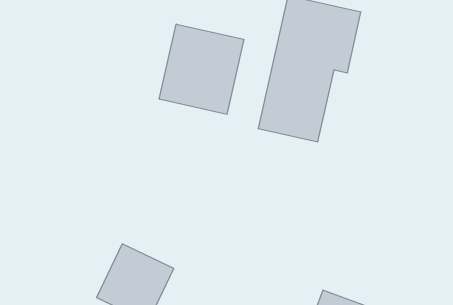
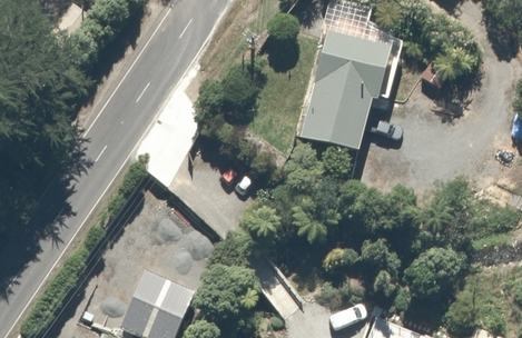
building: [159,24,244,114] -> none

